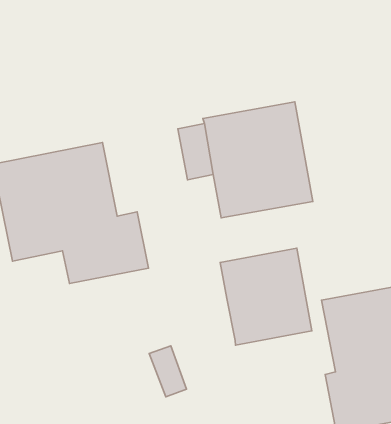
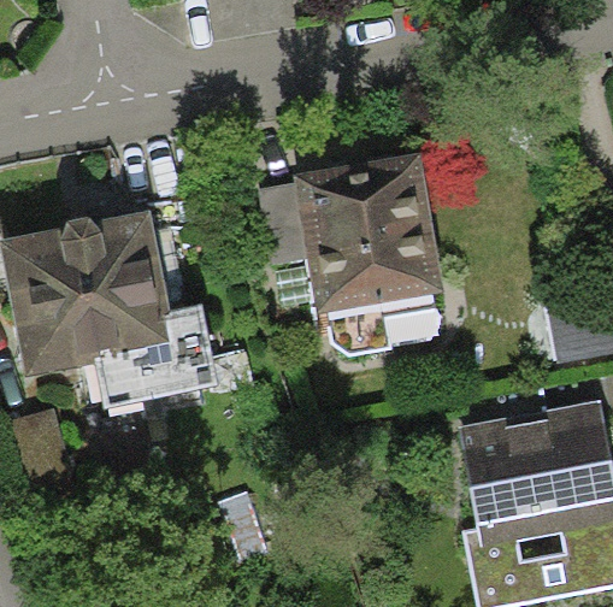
building: [220,248,312,345] -> none

